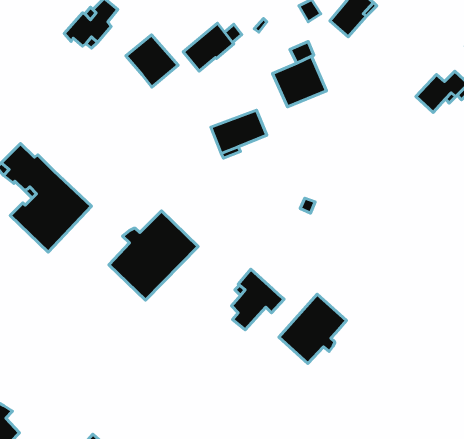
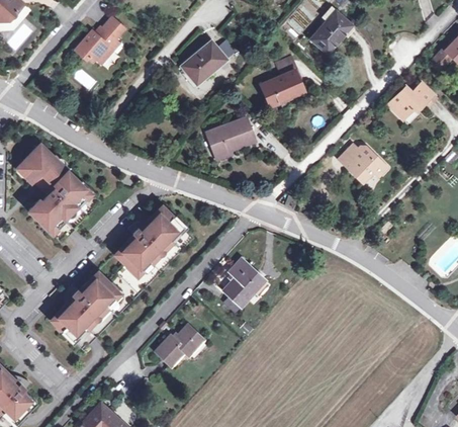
building: [126,35,178,87] -> none
building: none -> [338,144,386,182]
building: none -> [51,272,129,351]
building: [279,294,346,364] -> none
building: none -> [156,326,203,364]

